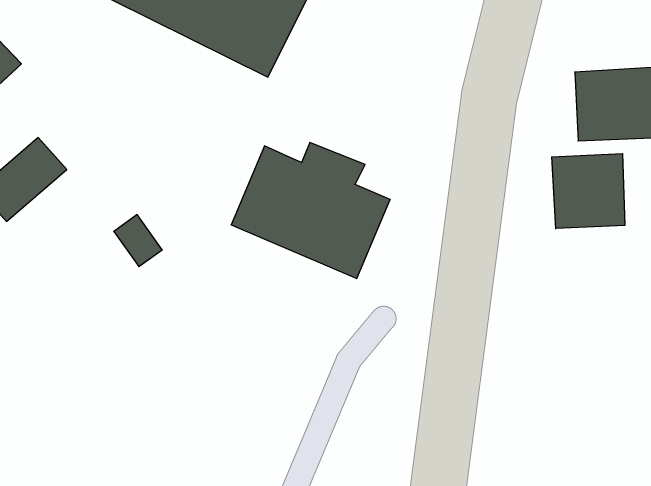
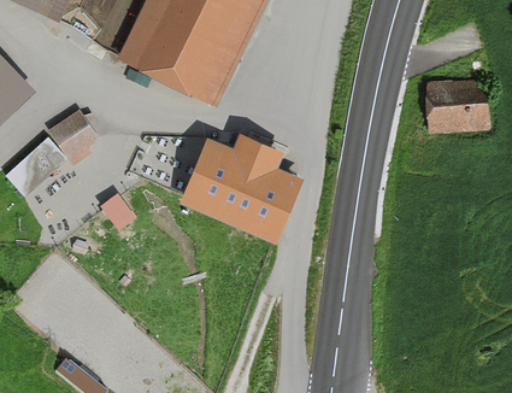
building: none -> [49,112,99,169]
building: [552,154,625,229] -> none

